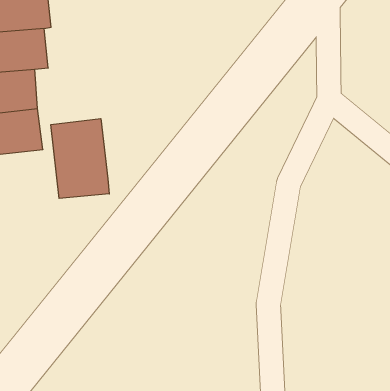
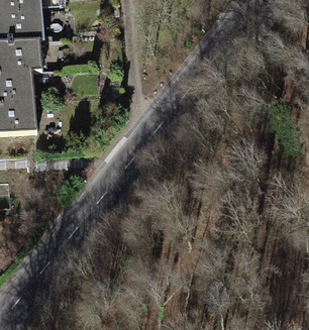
building: [51,119,109,198] -> none

